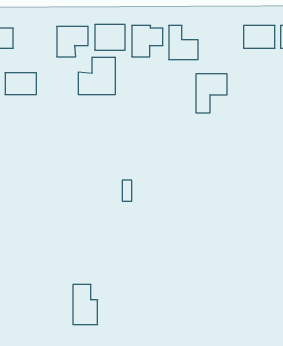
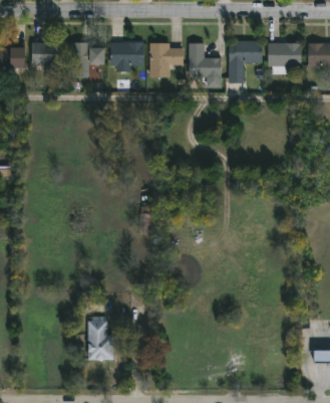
building: [79,57,115,95] -> none
building: [5,73,36,95] -> [31,42,64,65]
building: [196,74,227,113] -> [229,41,262,82]

